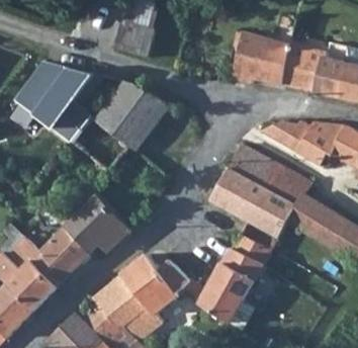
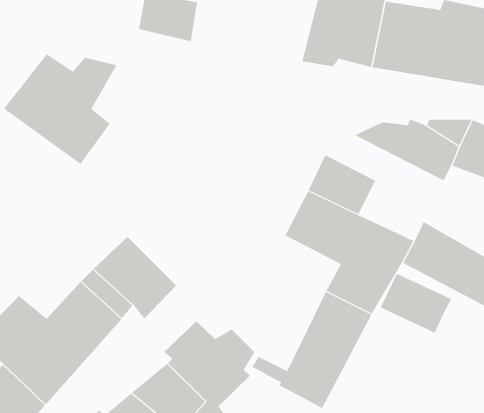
building: [70,80,171,173] -> none
building: [261,164,311,207] -> [380,273,452,333]

